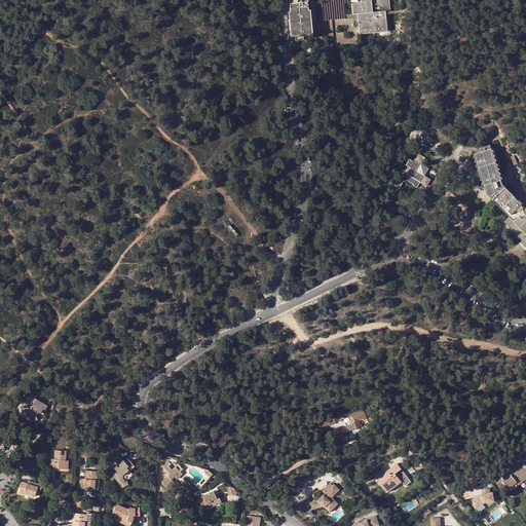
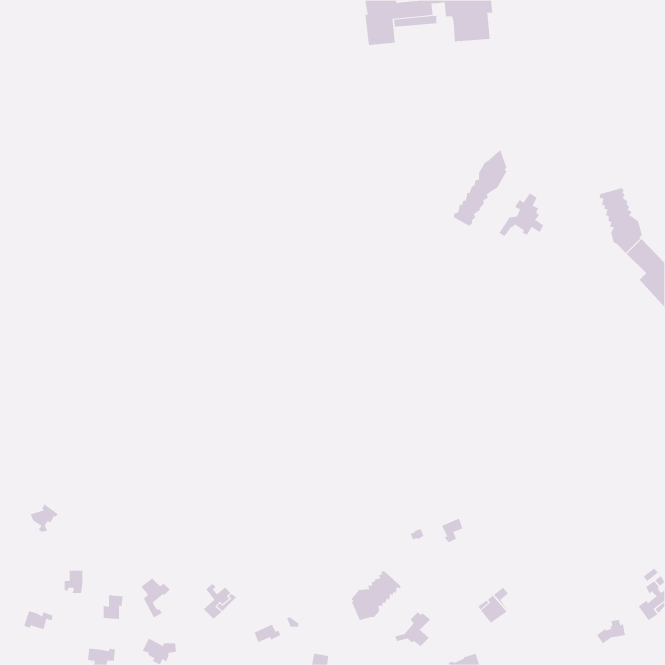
building: none -> [453,149,507,227]
building: none -> [351,570,401,621]

